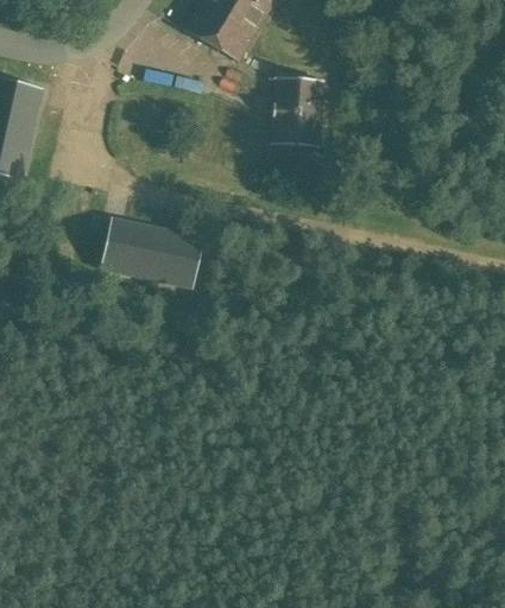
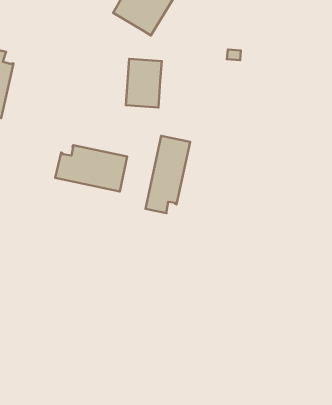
building: [271,76,323,147] -> [126,59,162,108]
building: none -> [146,136,190,213]

